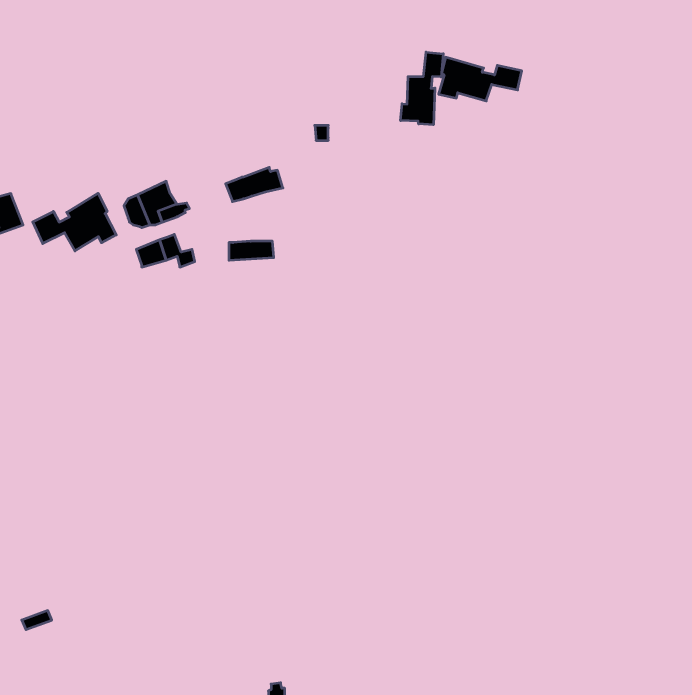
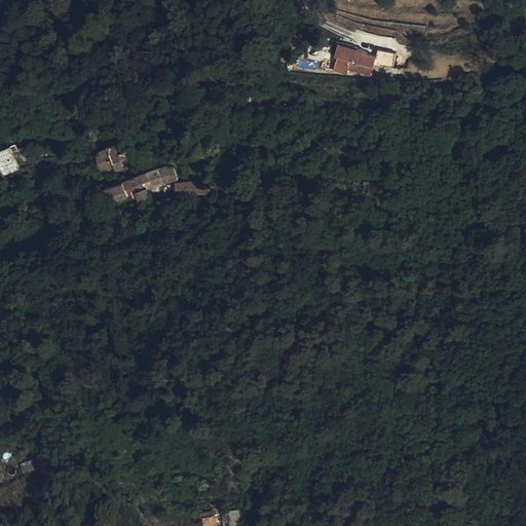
building: [401,52,443,125] -> none
building: [226,167,283,202] -> [132,165,175,191]
building: [33,193,116,251] -> none

